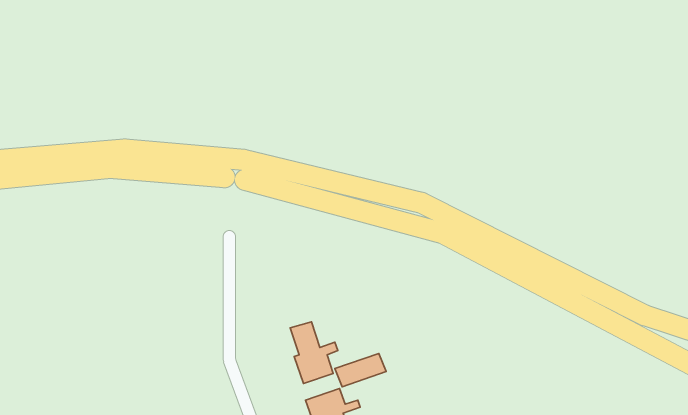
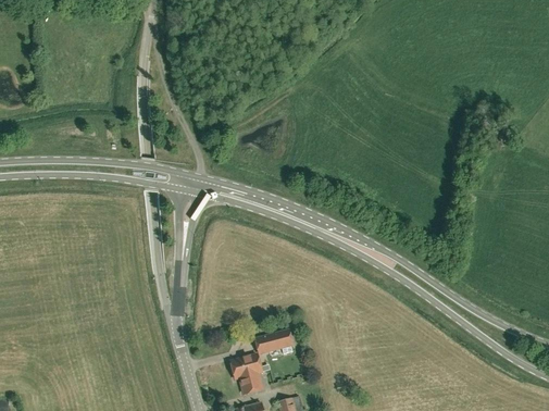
building: [290,322,338,384] -> none

